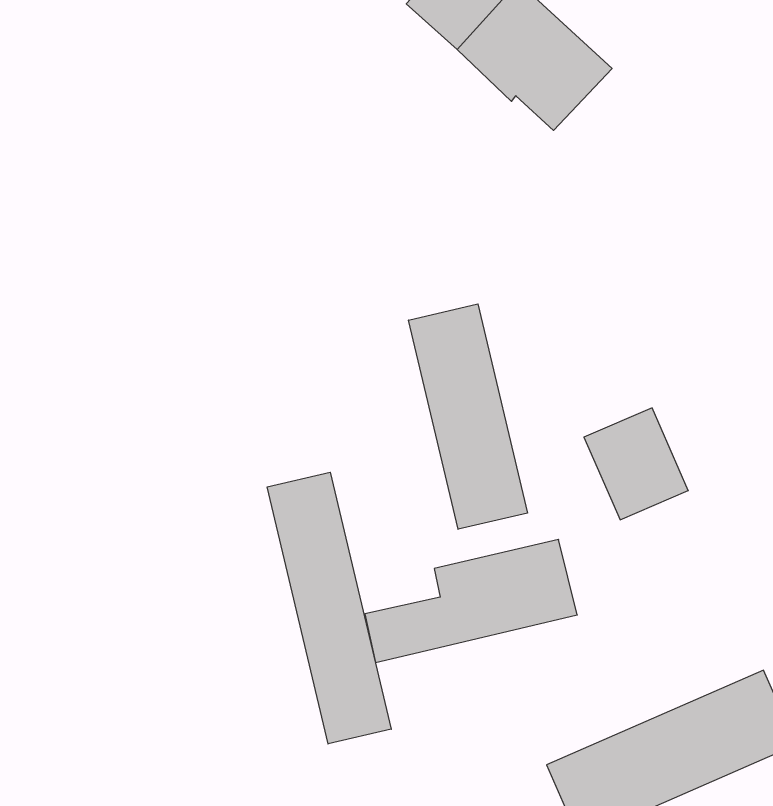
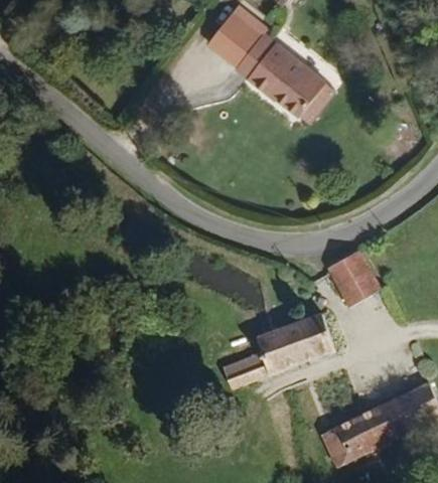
building: [409,304,527,529] -> none
building: [267,472,391,744] -> none

